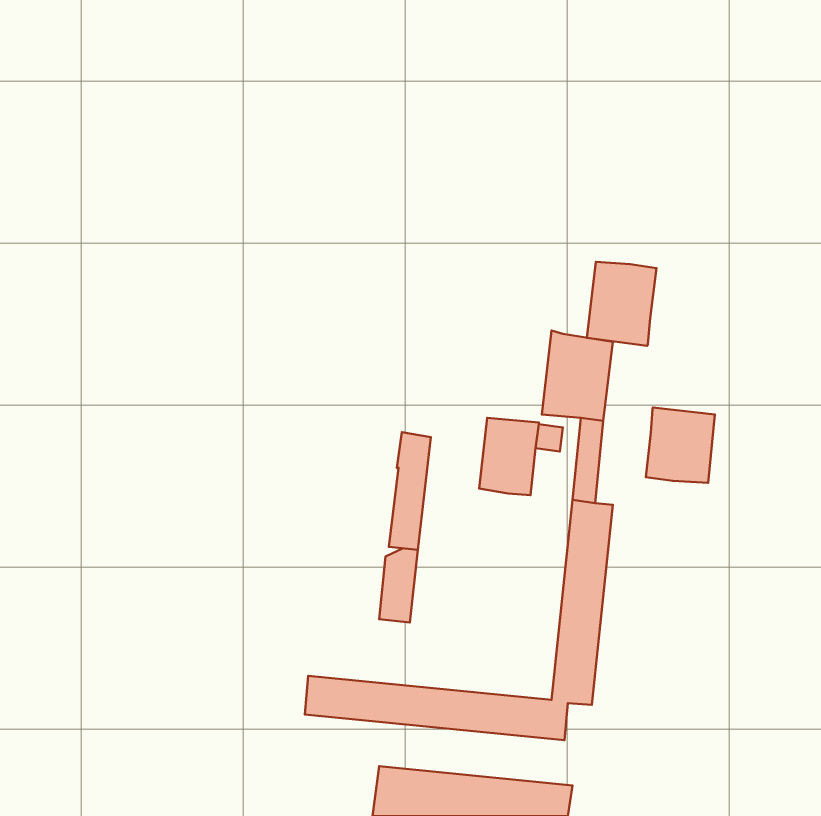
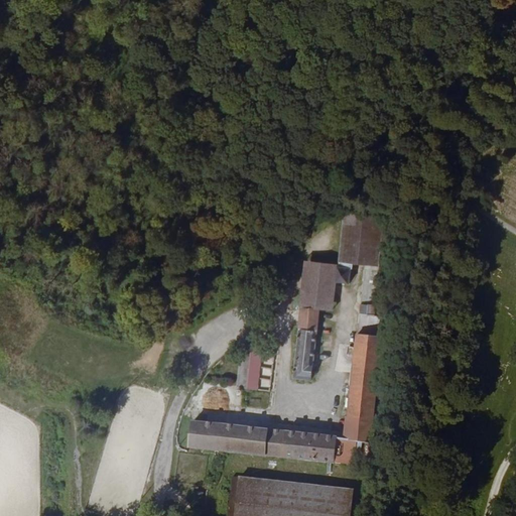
building: [587,262,656,346] -> none
building: [646,408,715,483] -> none
building: [389,432,431,550] -> [291,305,317,379]

